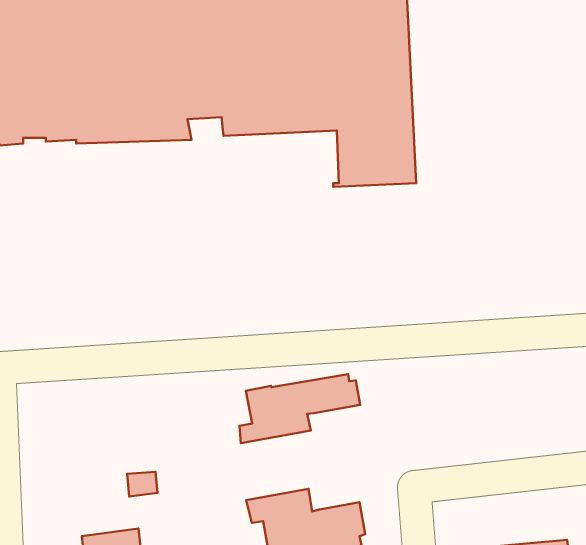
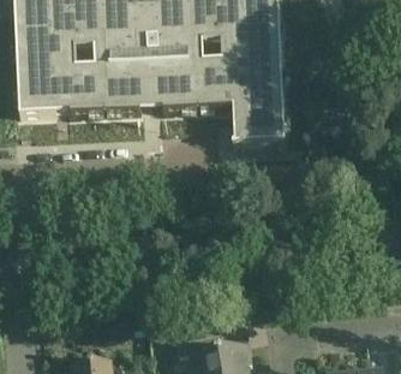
building: [239,374,360,443] -> none

